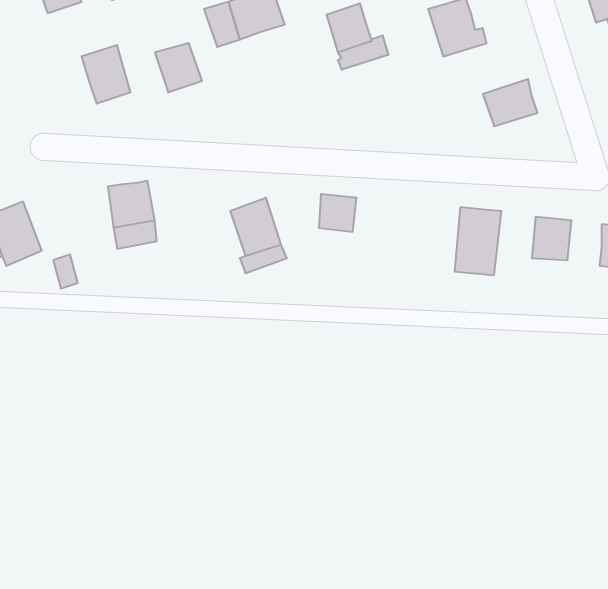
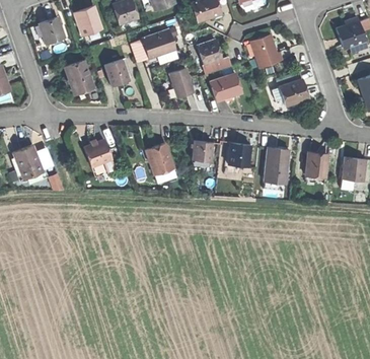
building: none -> [171,68,195,96]
building: none -> [208,71,241,100]
building: none -> [229,142,251,166]

